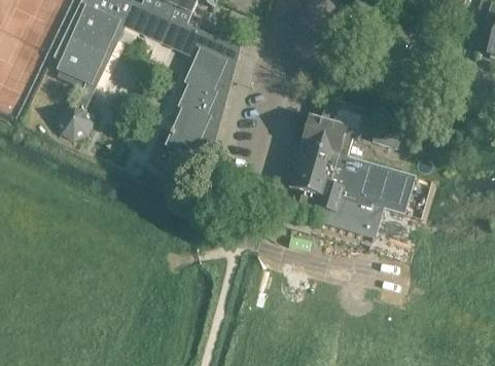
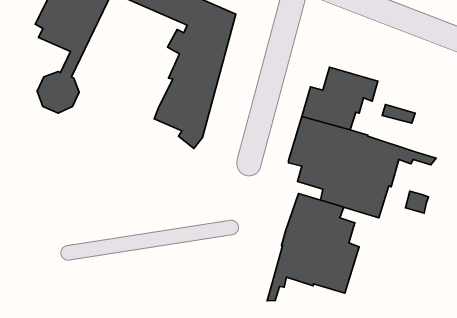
building: none -> [267,193,359,301]

